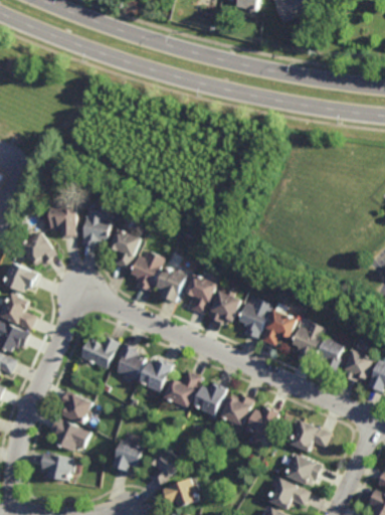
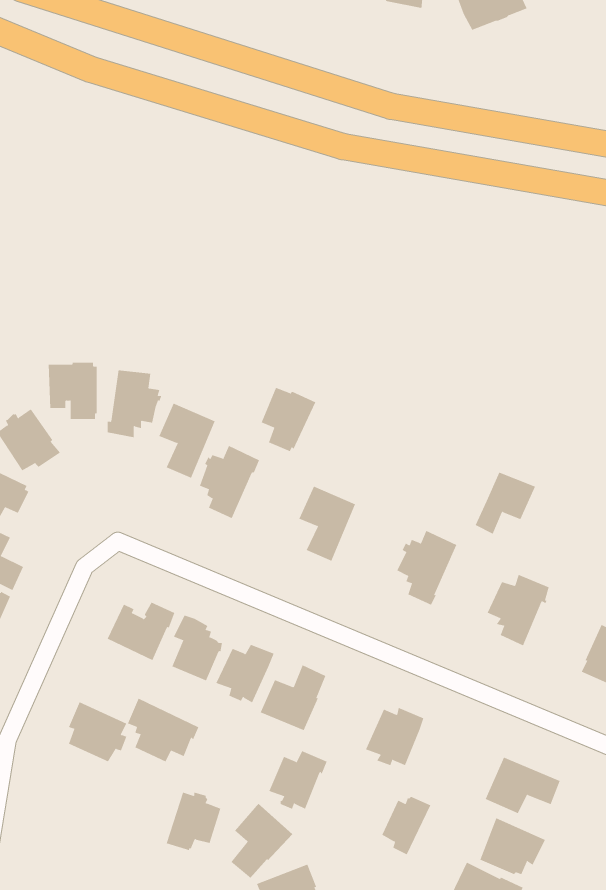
building: [158,267,188,302] -> [261,387,316,452]
building: [208,290,242,322] -> none
building: [261,310,295,344] -> [475,472,536,535]
building: [314,336,342,372] -> none
building: [196,382,228,414] -> [269,751,328,810]
building: [250,406,277,439] -> [381,796,431,855]
building: [50,416,89,452] -> [127,698,199,762]
building: [40,454,73,481] -> none

